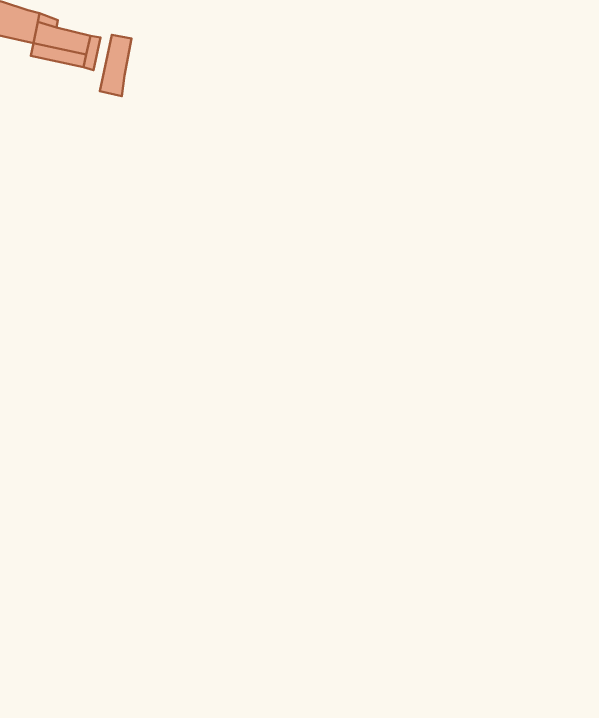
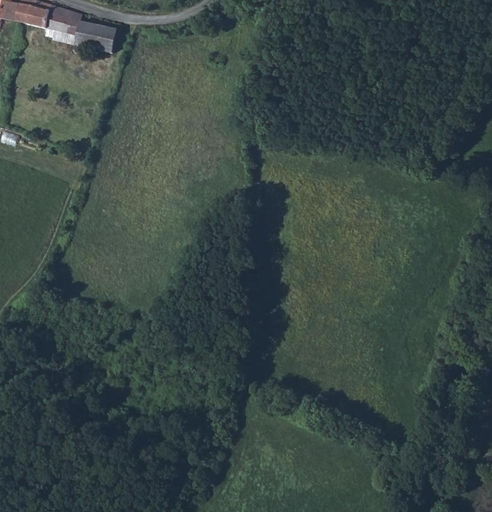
building: [100,35,131,96] -> none

